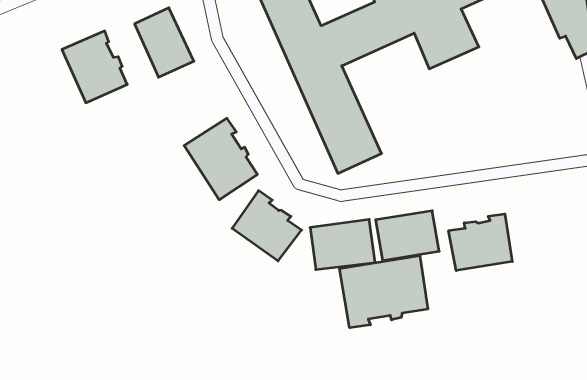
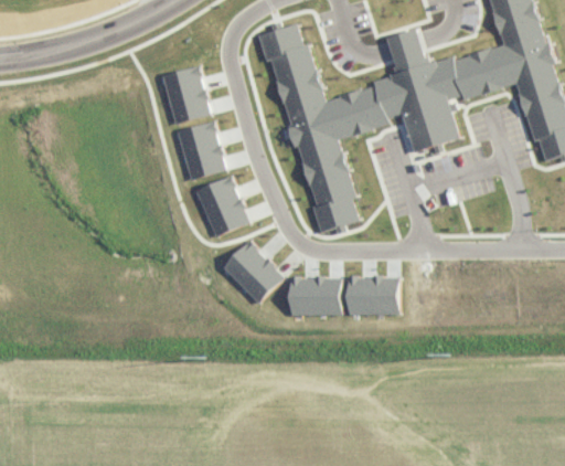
building: [62,31,127,103] -> [174,121,227,182]
building: [449,214,512,271] -> none
building: [340,255,428,328] -> none

